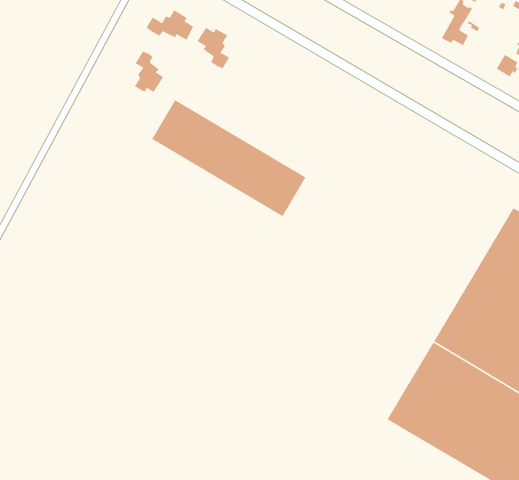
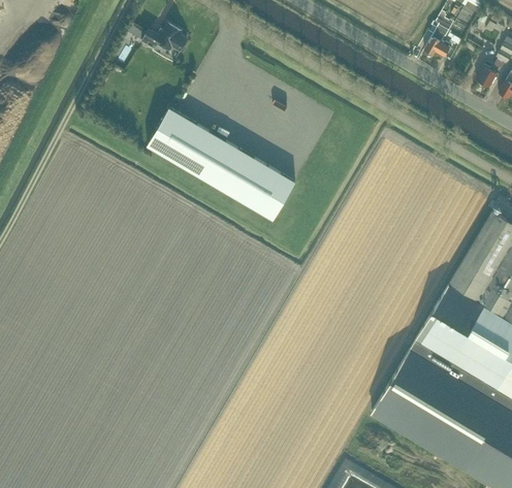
building: [197,27,230,69] -> none
building: [134,50,164,93] -> none

